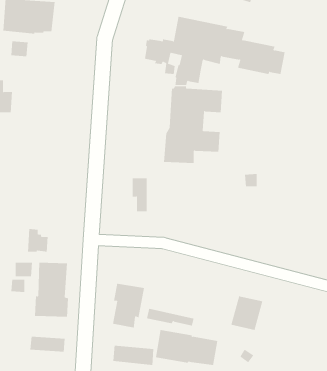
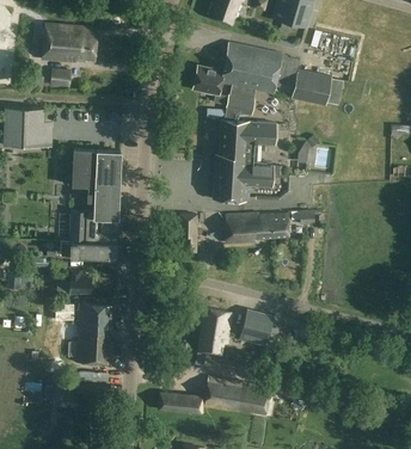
building: none -> [61,149,121,257]
building: none -> [226,214,288,242]
building: [112,283,145,328] -> [198,308,233,356]
building: [231,296,263,331] -> [239,309,274,346]

